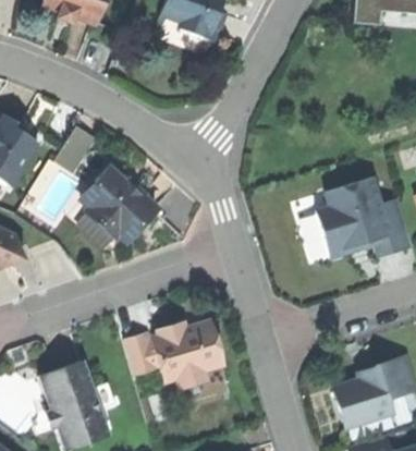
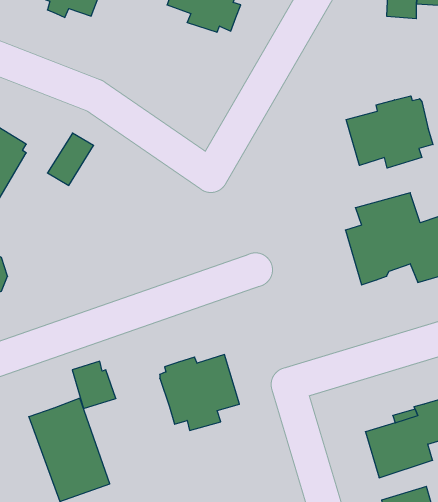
building: none -> [346,96,433,168]
building: [81,164,157,240] -> none
building: [123,333,161,375] -> [72,361,116,408]

